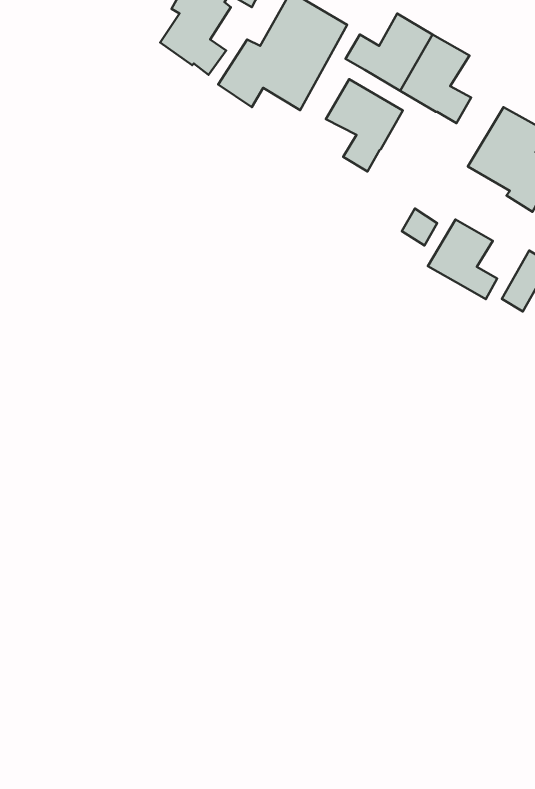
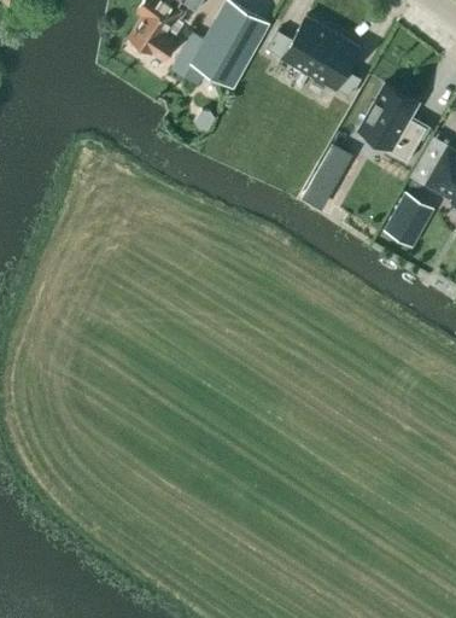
building: [326,79,403,171] -> none
building: [428,220,497,299] -> none

